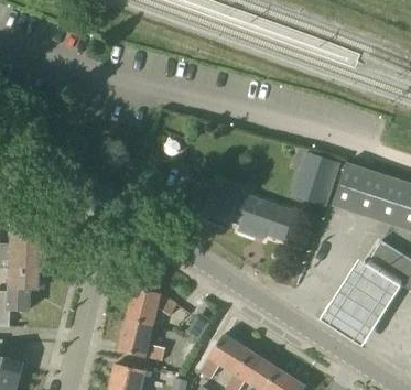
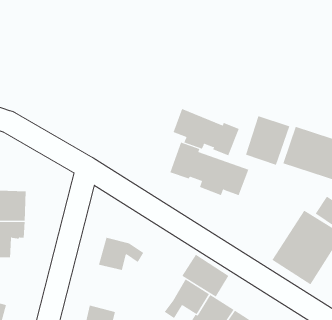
building: none -> [173,108,239,156]
building: none -> [182,254,229,297]
building: [118,318,166,362] -> none

